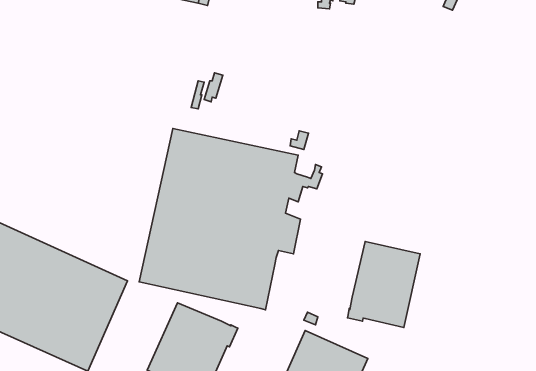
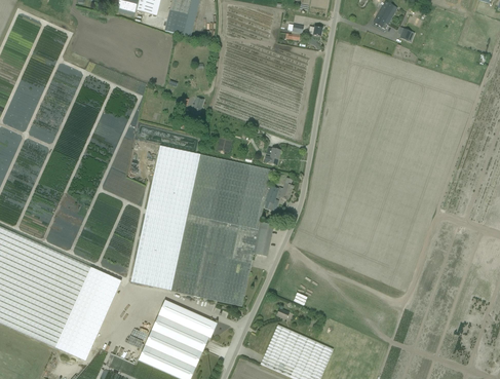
building: [347,242,420,328] -> none

